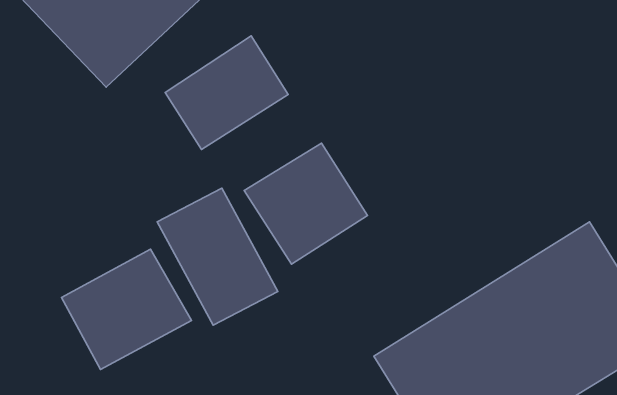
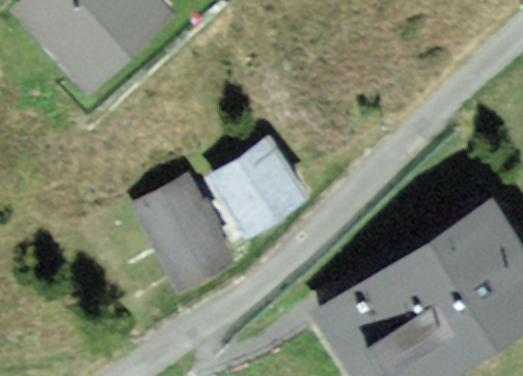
building: [165,36,288,150] -> none
building: [62,249,192,369] -> none

